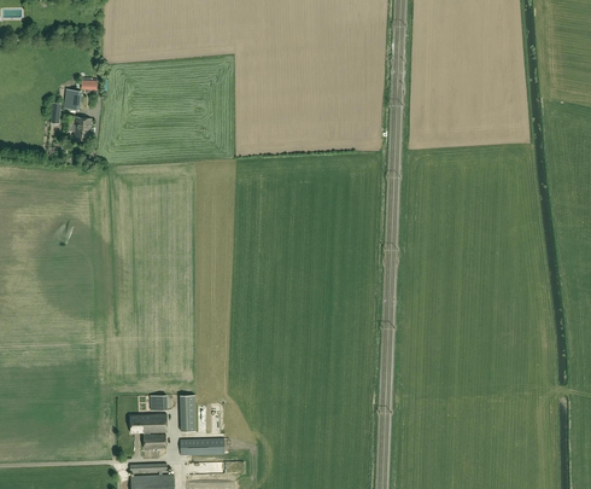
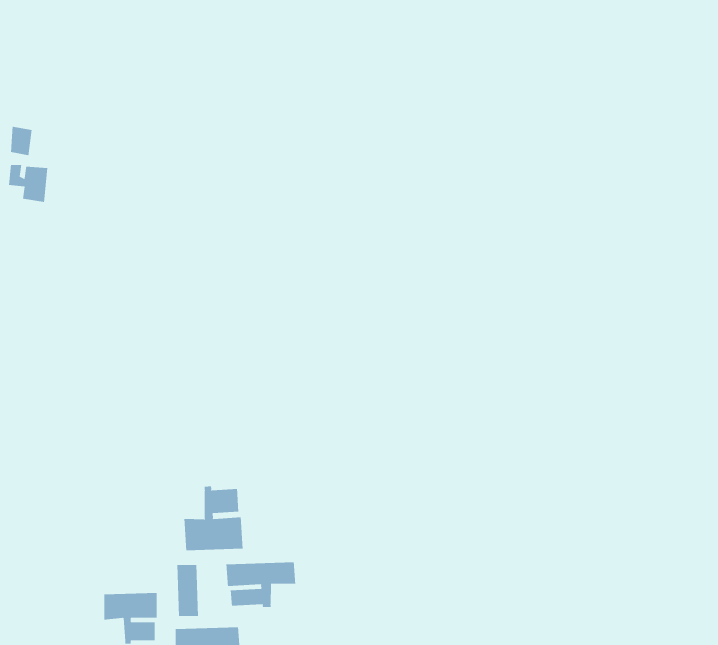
building: none -> [184,486,243,551]
building: none -> [226,561,296,608]

